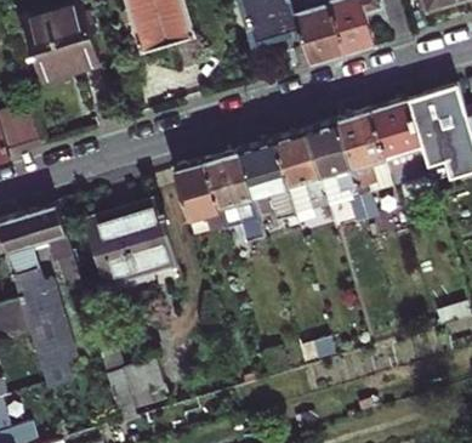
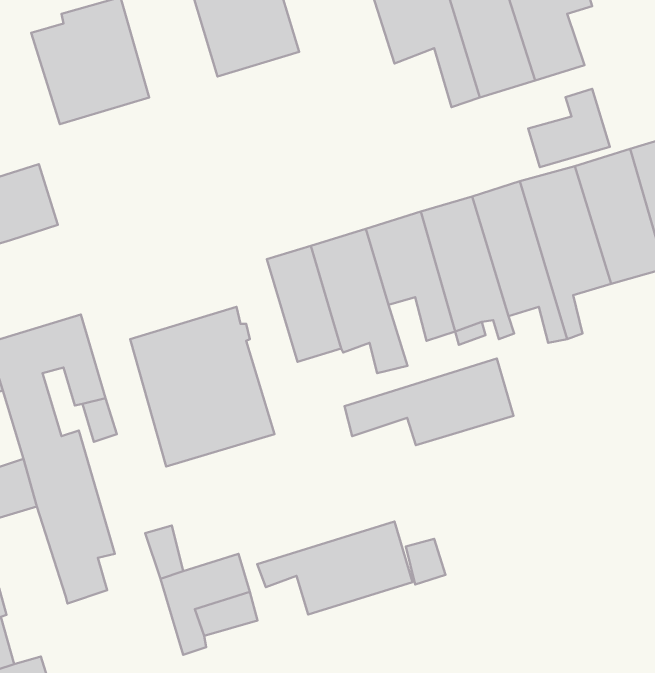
building: none -> [528,89,610,167]
building: none -> [344,359,513,445]
building: none -> [257,522,412,615]

